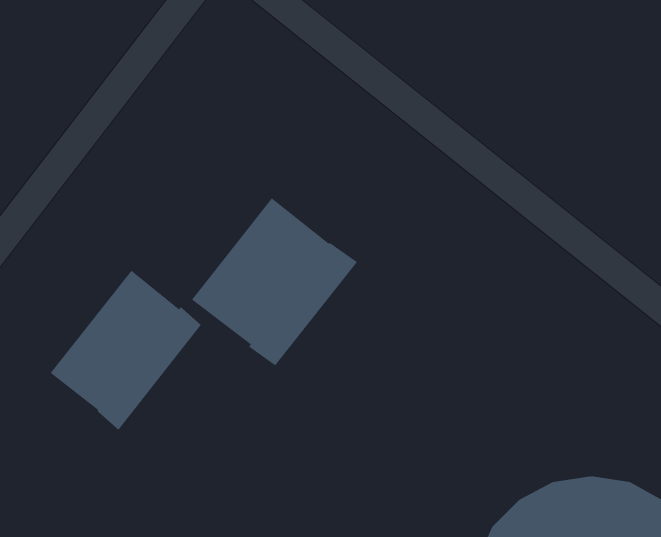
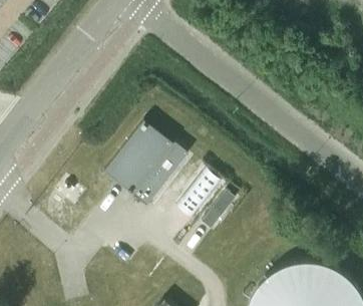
building: [50,270,201,430] -> none

